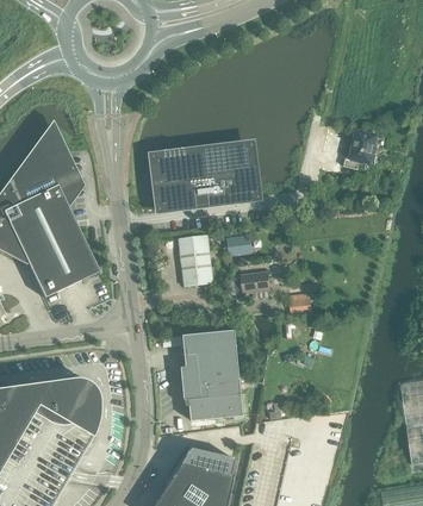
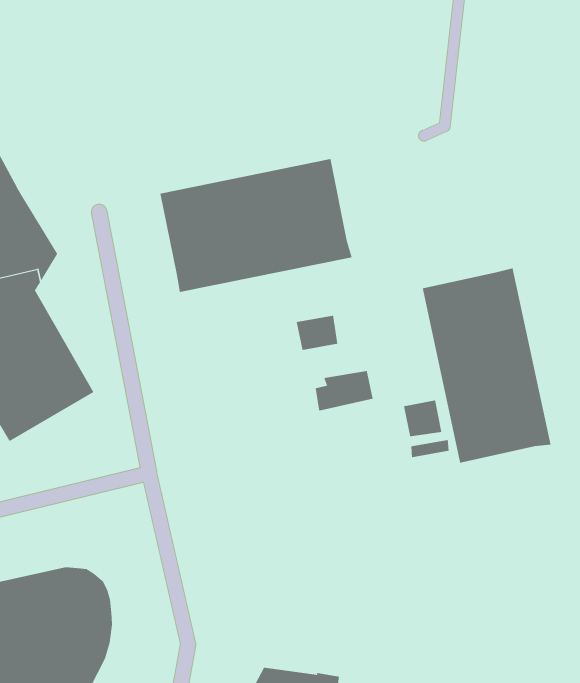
building: [343,130,377,169] -> none
building: none -> [422,268,551,463]
building: [179,235,213,286] -> none
building: [181,330,244,420] -> none

